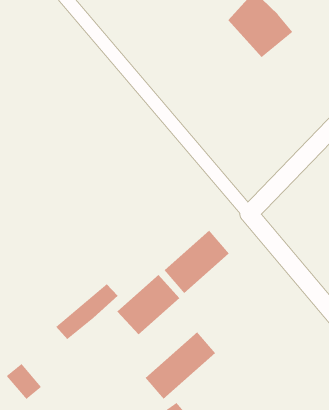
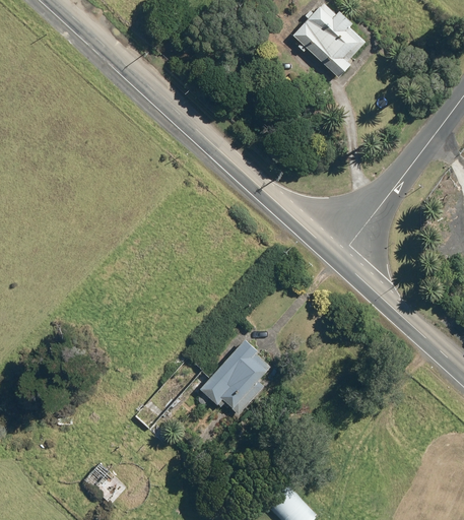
building: [164,230,230,294] -> none
building: [145,331,216,400] -> none

